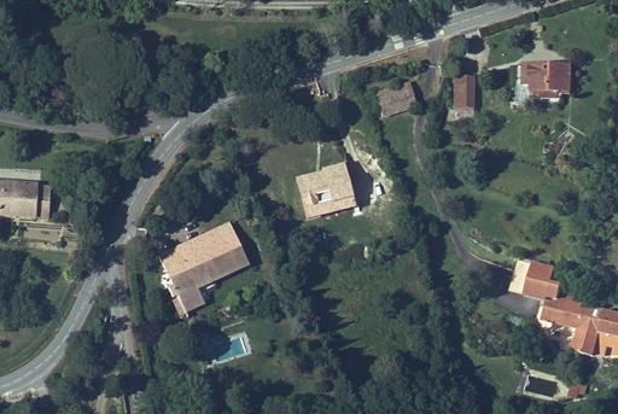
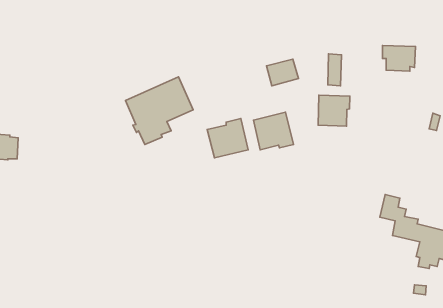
building: none -> [318,95,350,126]
building: none -> [253,112,294,150]
building: [157,217,246,307] -> [126,77,193,144]

